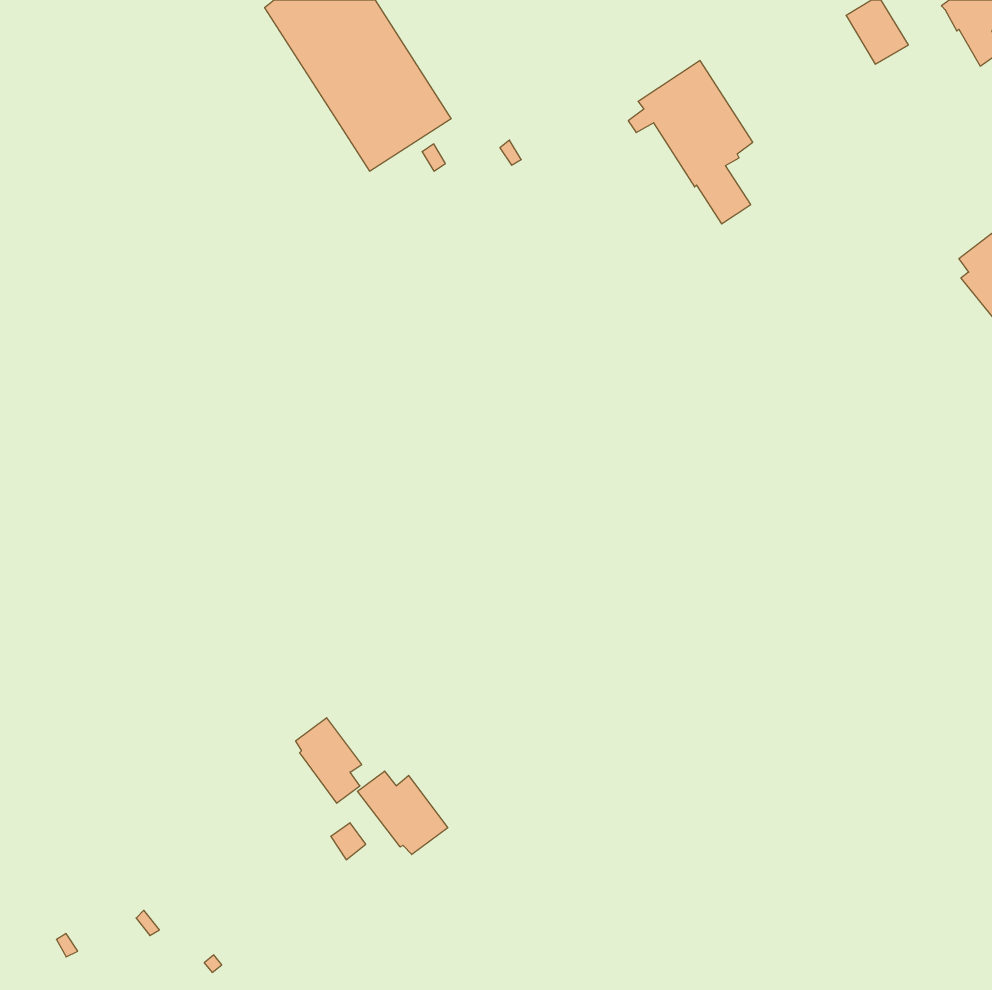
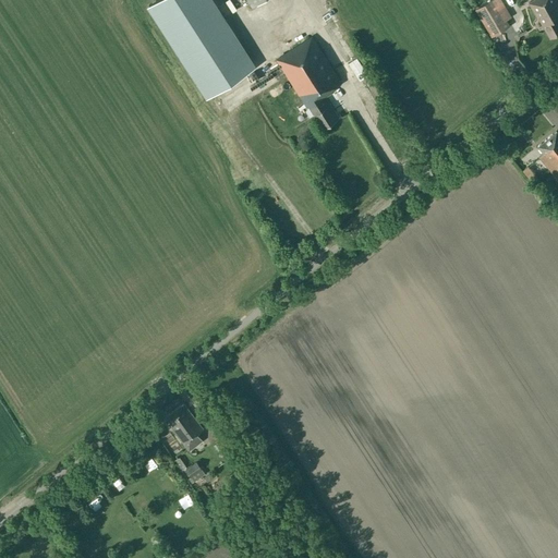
building: [628,61,753,224] -> [271,38,341,130]
building: [357,771,448,855] -> none

